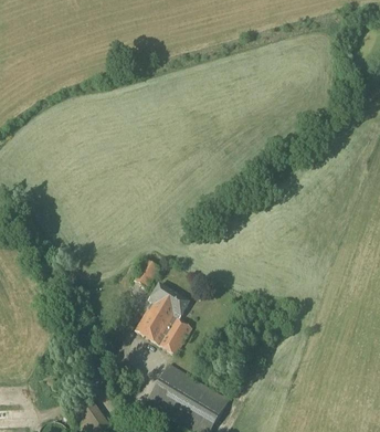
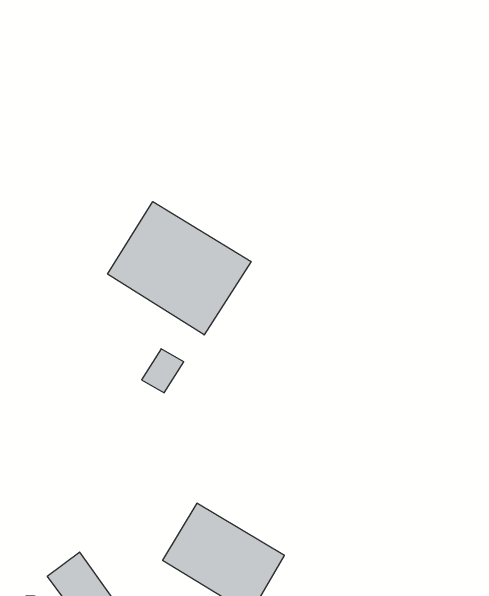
building: none -> [108,202,251,335]
building: [135,283,191,355] -> none

